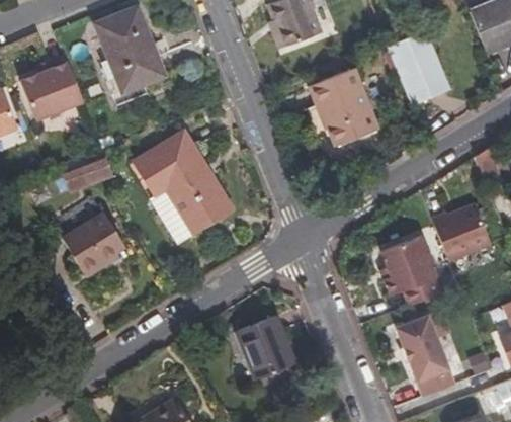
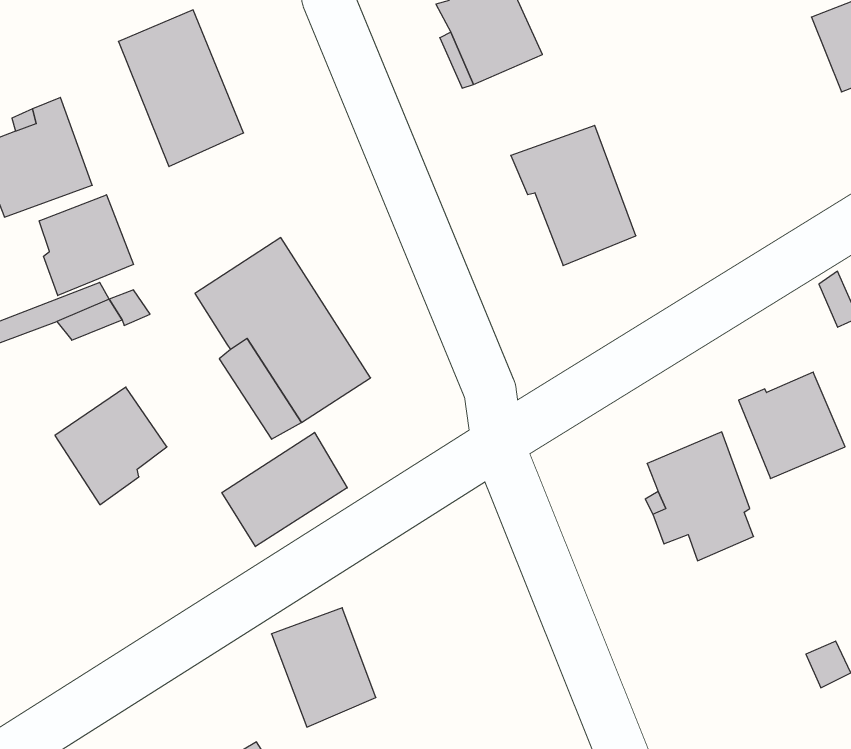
building: [388,33,447,106] -> none
building: none -> [39,195,133,296]
building: none -> [222,432,347,547]
building: [242,314,299,378] -> [271,608,376,727]
building: [397,316,455,397] -> none

